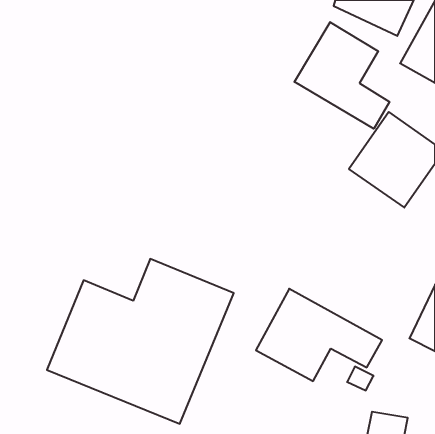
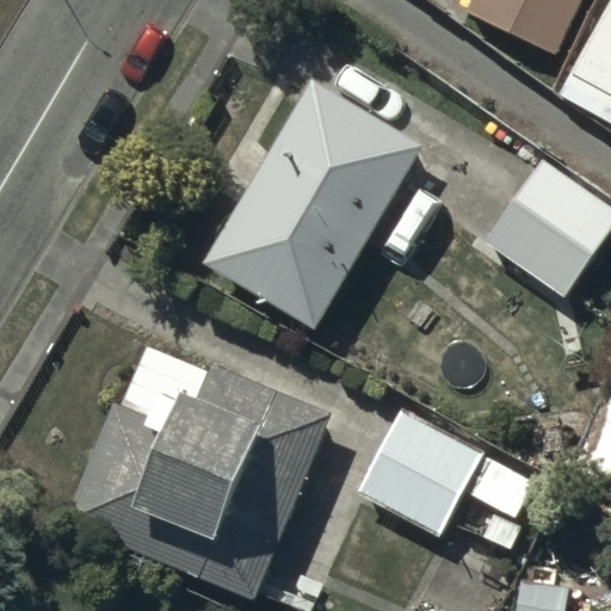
building: [294,22,389,129] -> none
building: none -> [204,78,421,325]

